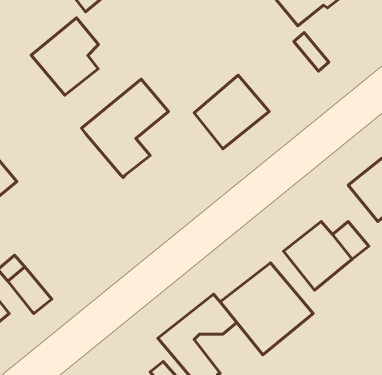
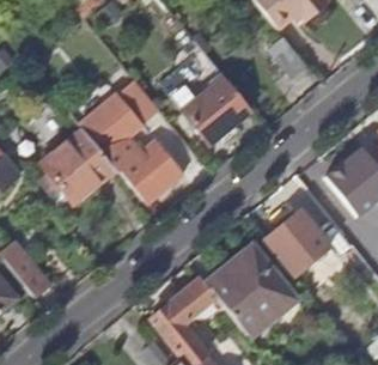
building: [31,18,98,95] -> none
building: none -> [42,130,115,202]
building: none -> [120,140,194,203]

